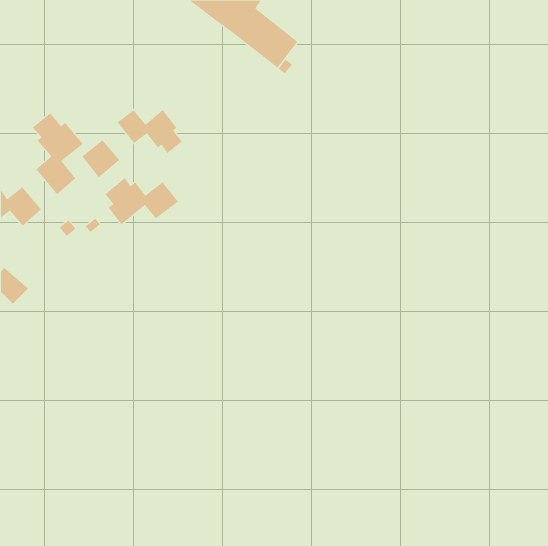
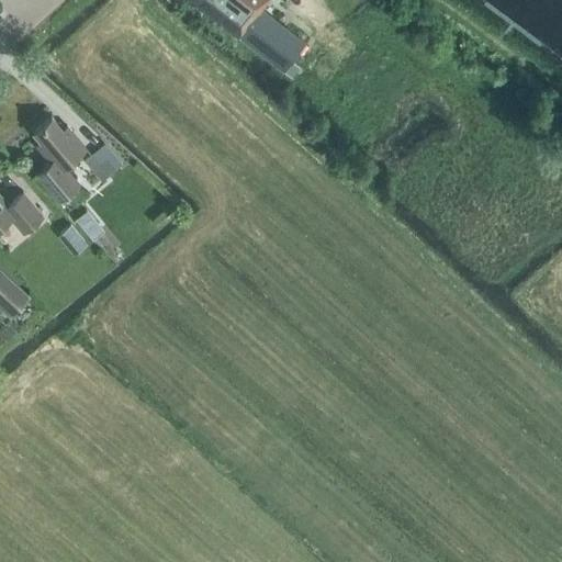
building: [117,109,183,154] -> none
building: [104,177,179,225] -> none

